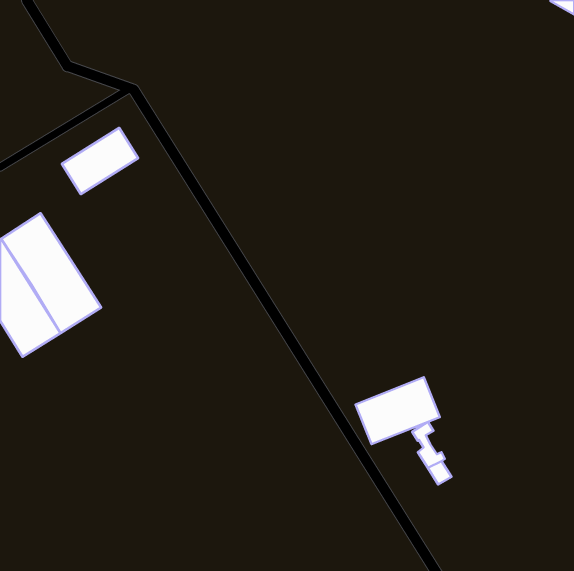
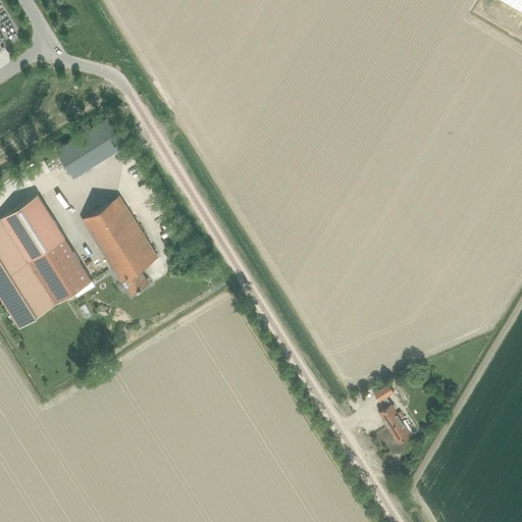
building: none -> [82,198,157,295]
building: [356,377,440,444] -> none

